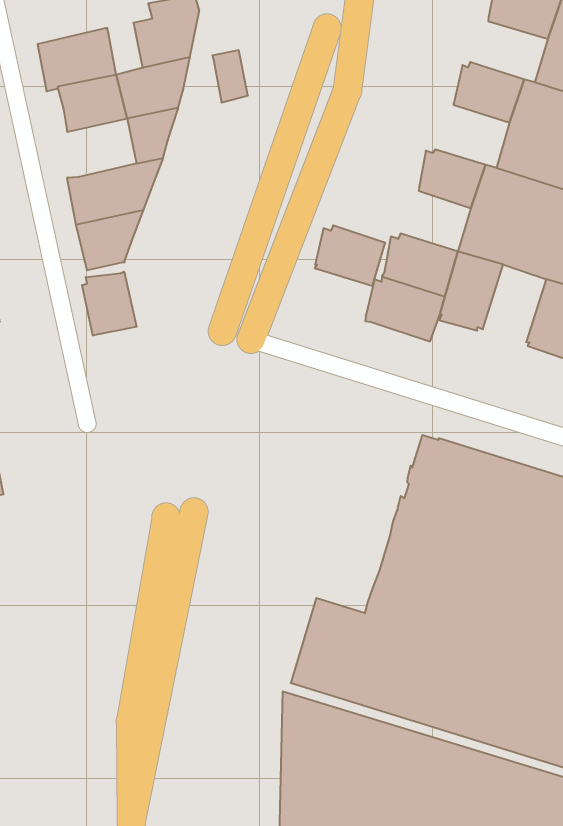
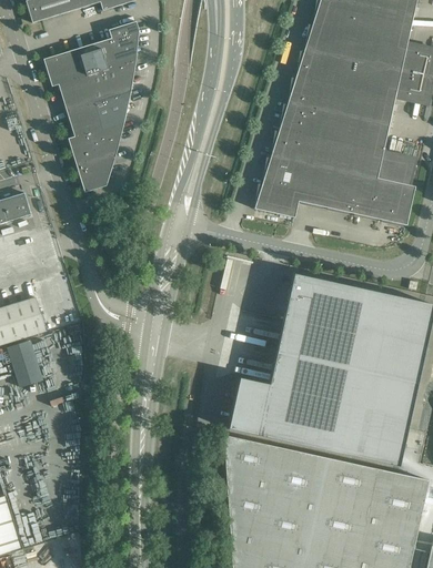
building: none -> [304,23,350,58]
building: [212,50,248,102] -> [84,42,108,74]
building: none -> [288,75,331,111]
building: none -> [66,100,109,138]
building: [315,225,385,286] -> [271,129,312,163]
building: none -> [325,169,361,216]
building: [82,272,137,336] -> none

